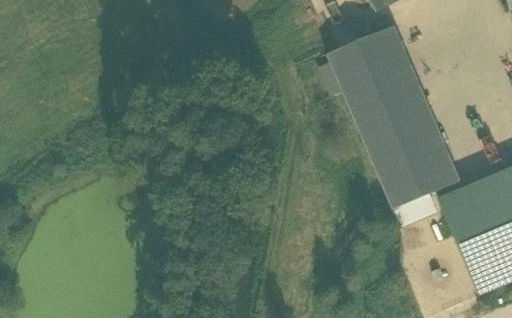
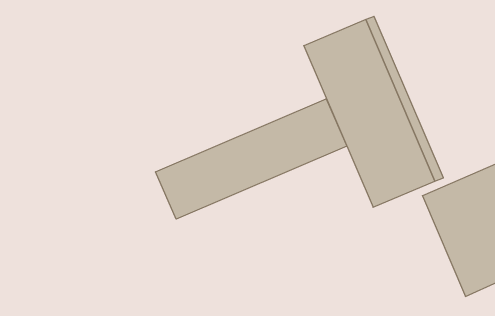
building: none -> [156,99,347,219]

